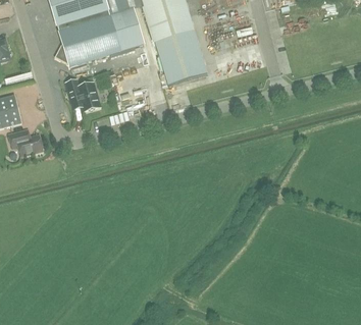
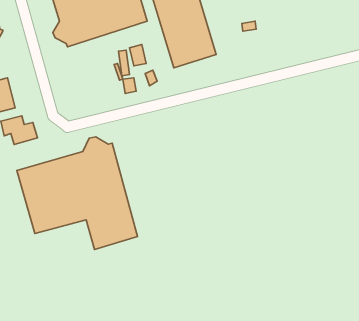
building: [66,78,99,110] -> none
building: none -> [17,137,138,249]

